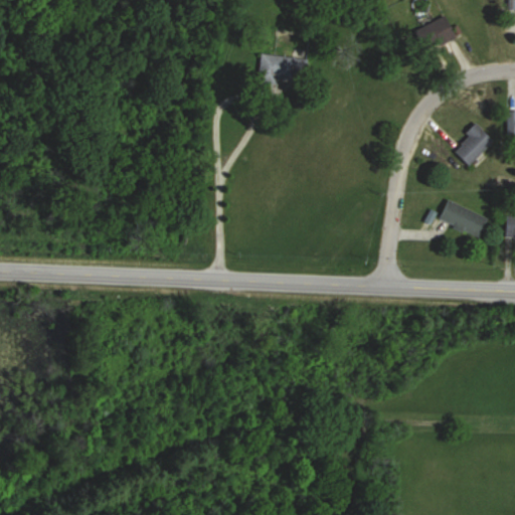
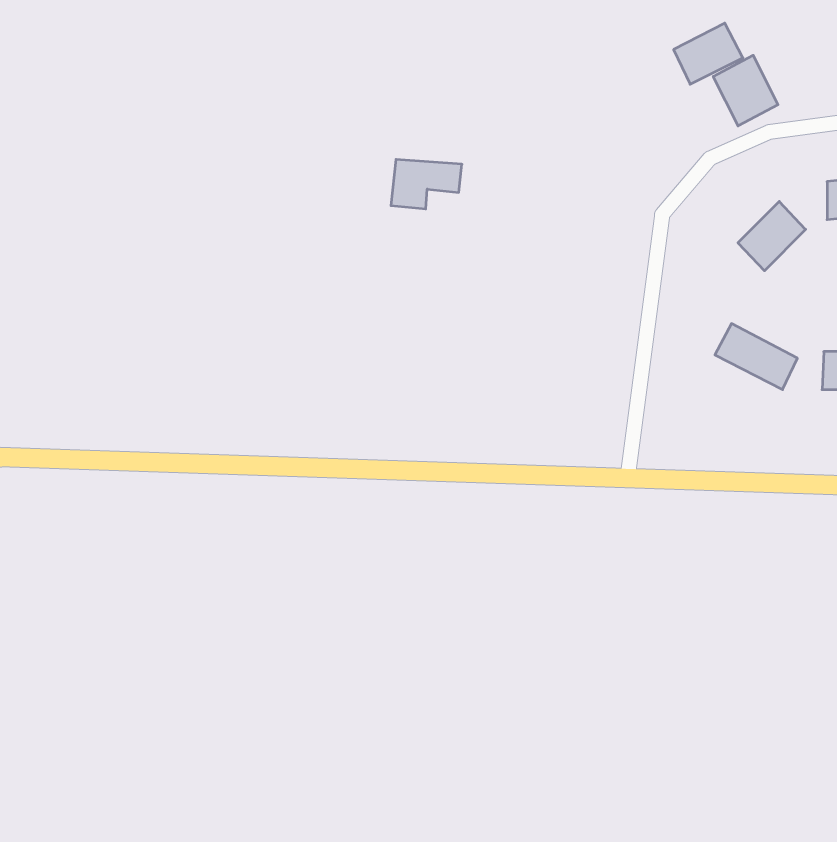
building: none -> [713,55,778,126]
building: [258,54,301,84] -> [391,159,462,209]

